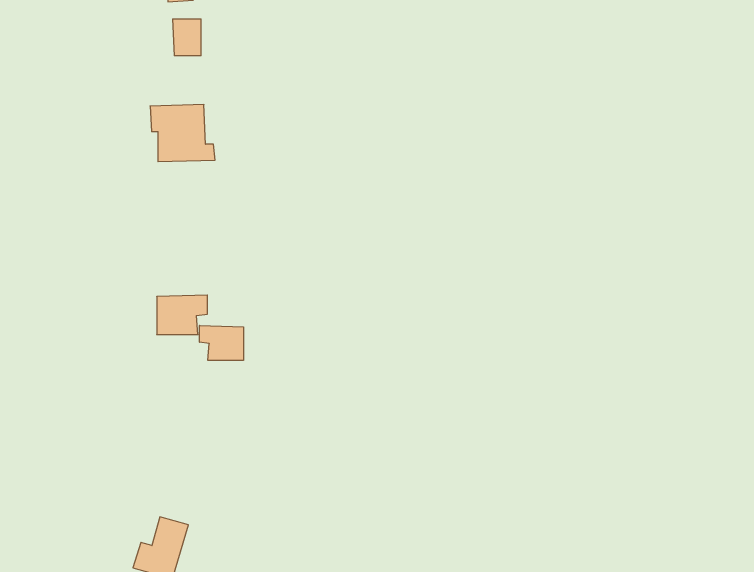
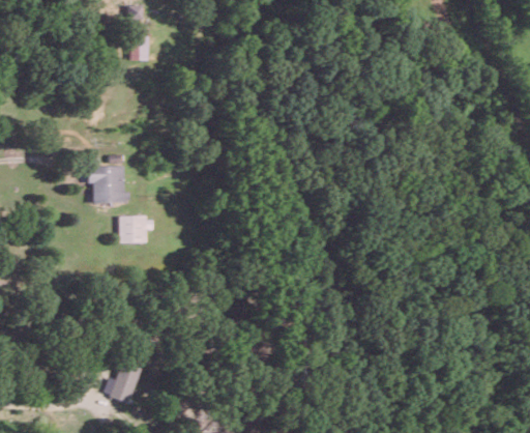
building: [150,105,215,162] -> [87,166,129,203]
building: [200,325,243,360] -> none

